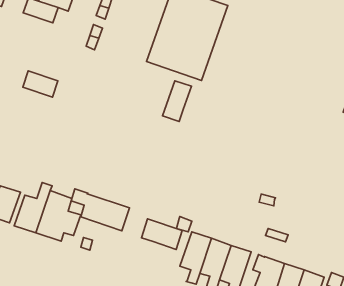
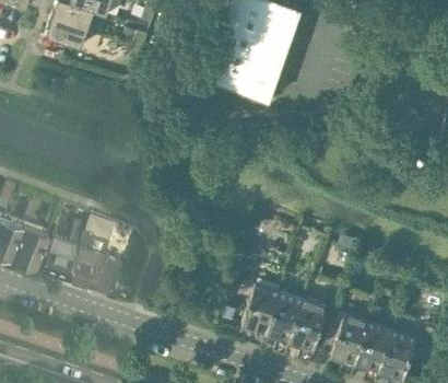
building: [23,71,58,97] -> [46,19,89,50]
building: [163,81,191,121] -> none
building: [71,189,130,231] -> none
building: [141,219,182,249] -> none

